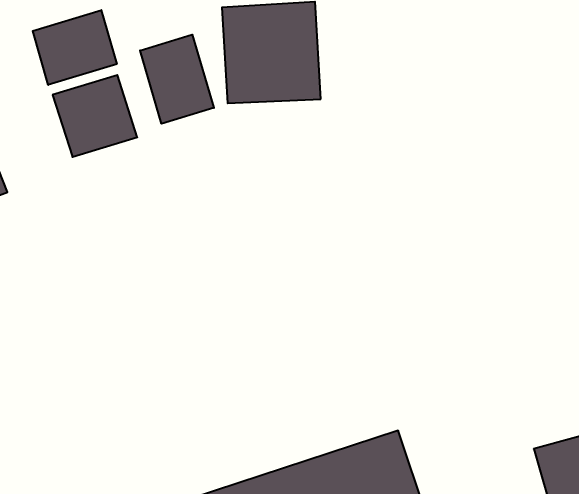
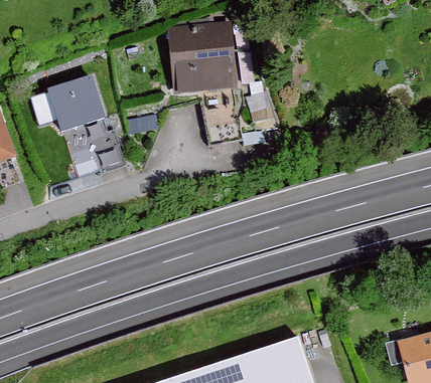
building: [33,10,117,85] -> none
building: [140,35,214,124] -> none

